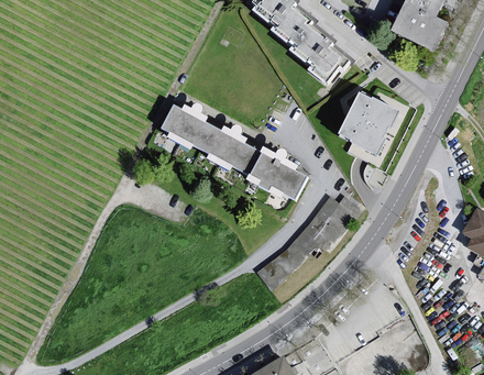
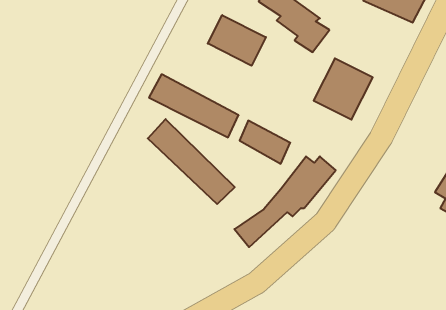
building: none -> [208,15,266,66]
building: none -> [148,119,235,204]

